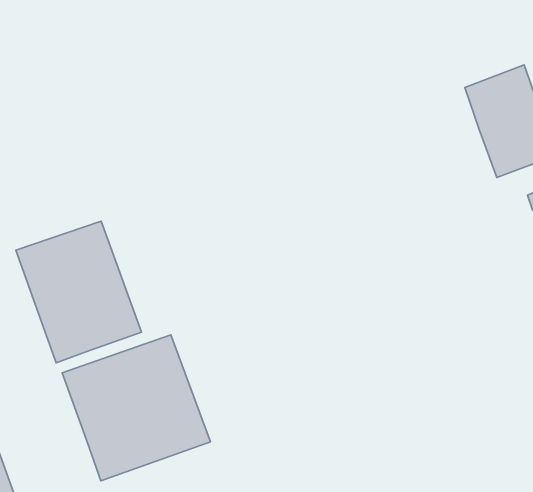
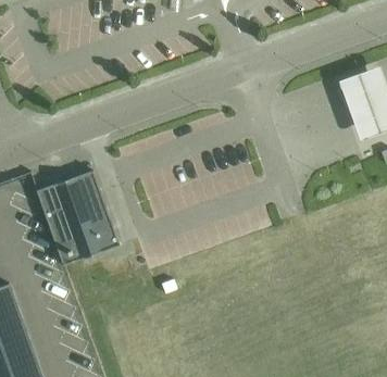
building: [62,335,210,481] -> none

